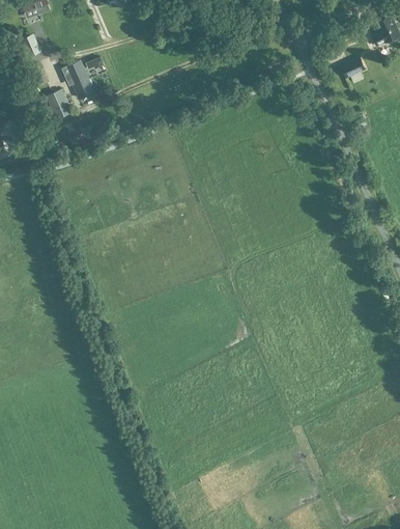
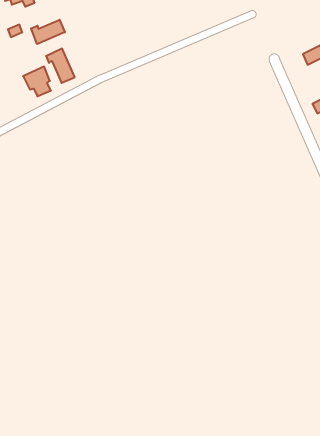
building: none -> [31,20,65,44]

